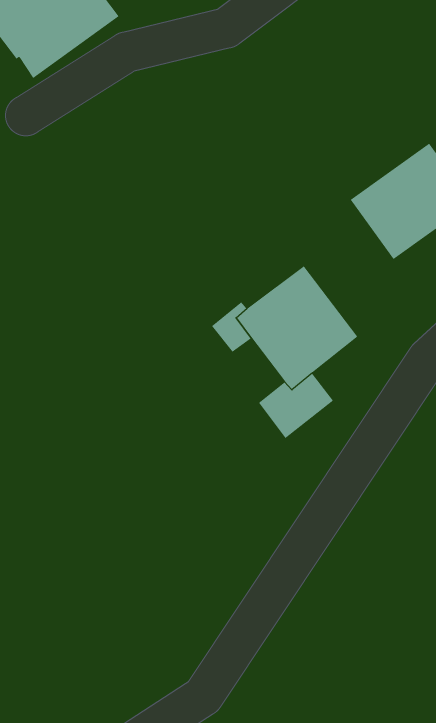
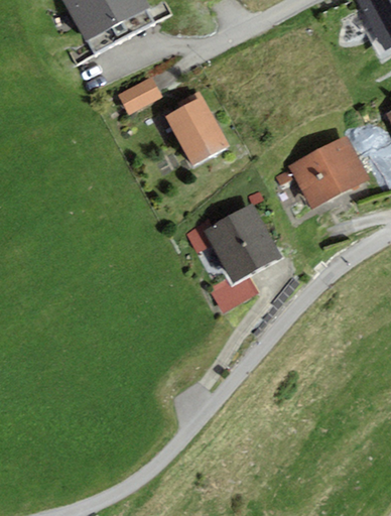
building: none -> [118,76,162,115]
building: none -> [165,90,230,164]

